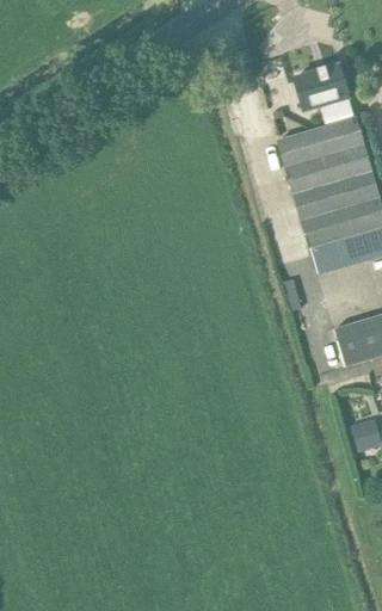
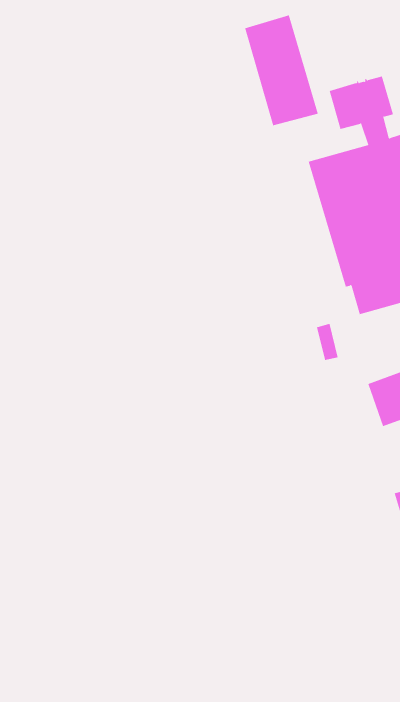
building: none -> [244,15,318,126]

